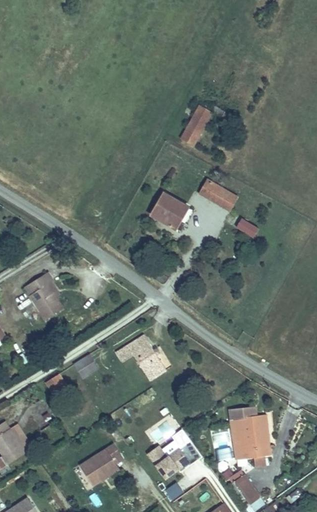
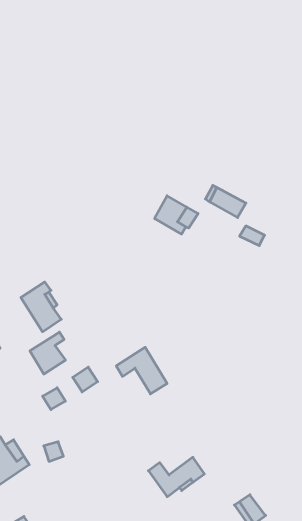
building: [182,104,214,144] -> none
building: none -> [30,332,65,374]
building: [228,407,270,459] -> none
building: [78,444,121,484] -> none

